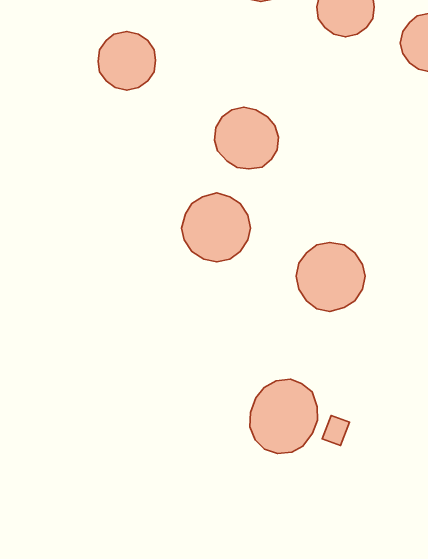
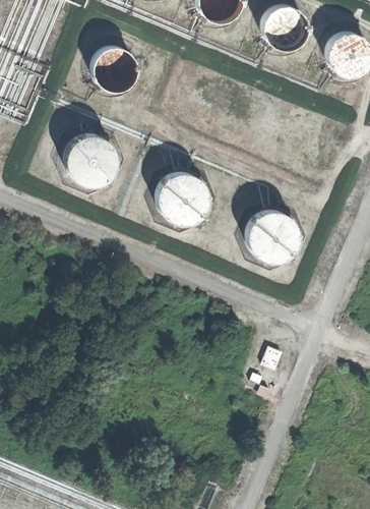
building: [215,107,278,169] -> none
building: none -> [62,133,116,186]
building: [250,379,317,454] -> none

